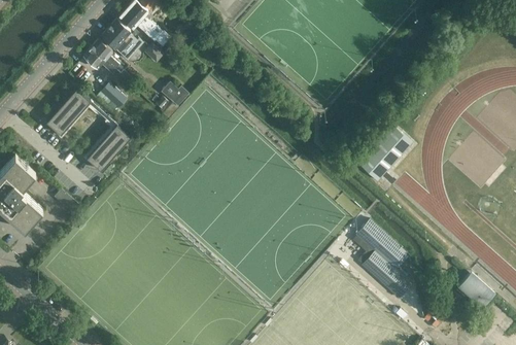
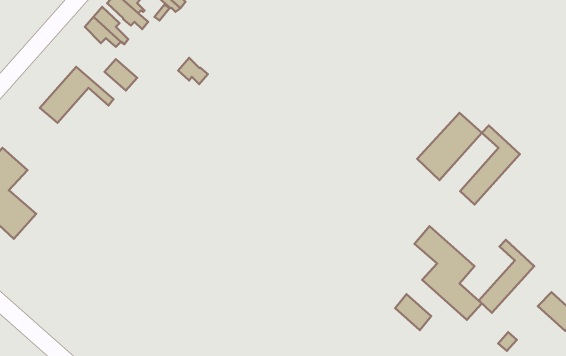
building: [85,118,130,172] -> none
building: none -> [460,126,520,205]
building: none -> [479,240,534,313]
building: none -> [395,294,431,330]

